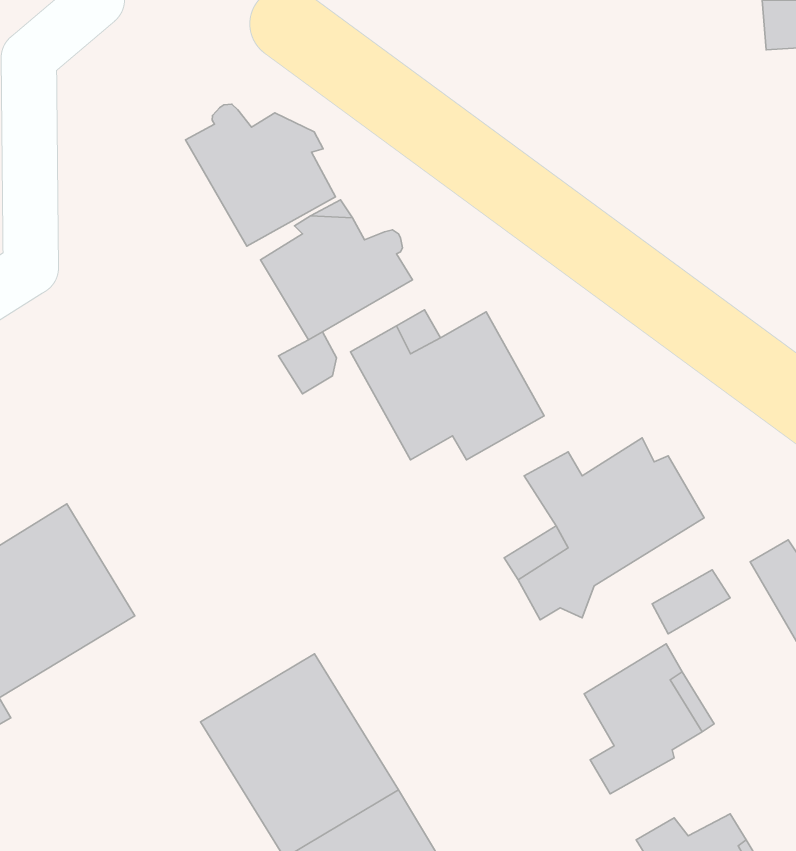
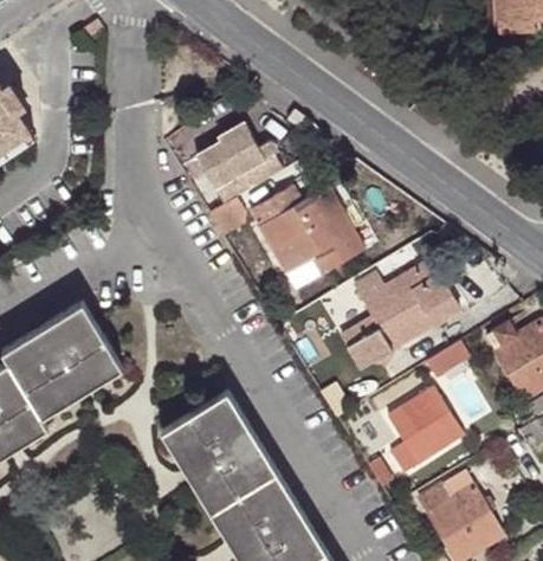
building: [186,104,335,246] -> none

